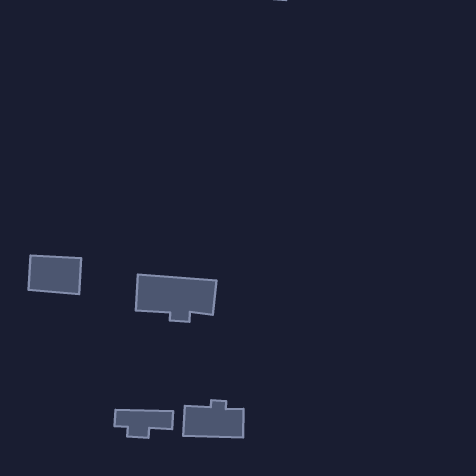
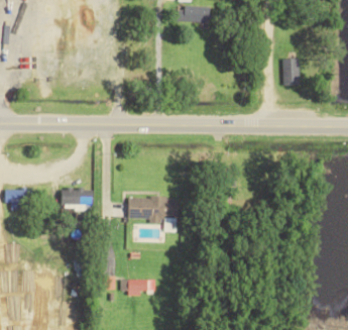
building: none -> [281,59,300,86]
building: [183,400,243,437] -> none

